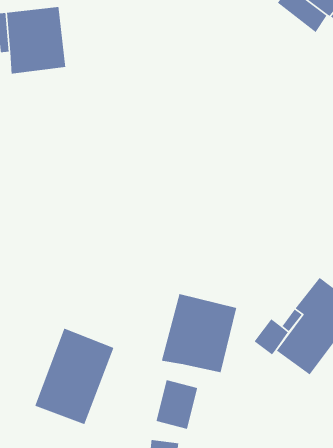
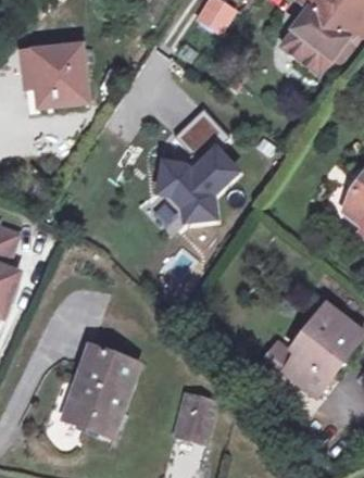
building: none -> [165,108,241,219]
building: [161,293,237,373] -> none

